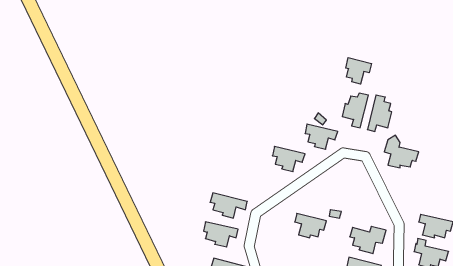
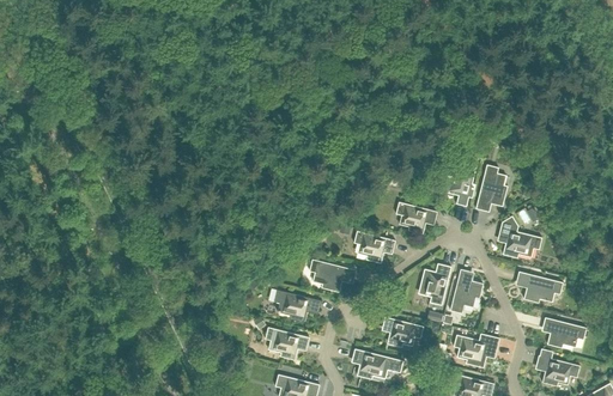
building: [346,58,372,84] -> none
building: none -> [310,258,357,292]
building: none -> [421,263,451,305]
building: none -> [450,268,484,312]
building: none -> [516,270,563,301]
building: none -> [352,348,396,378]

